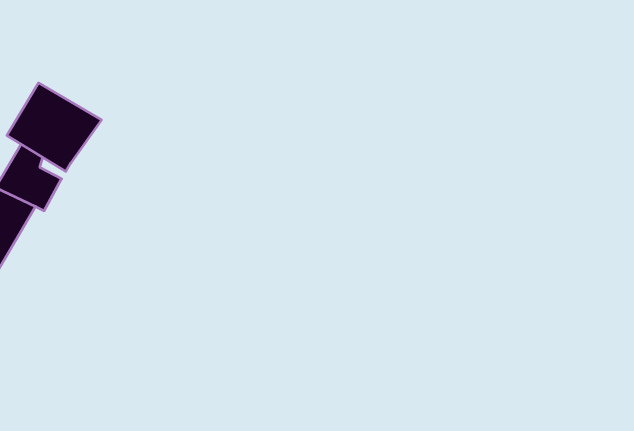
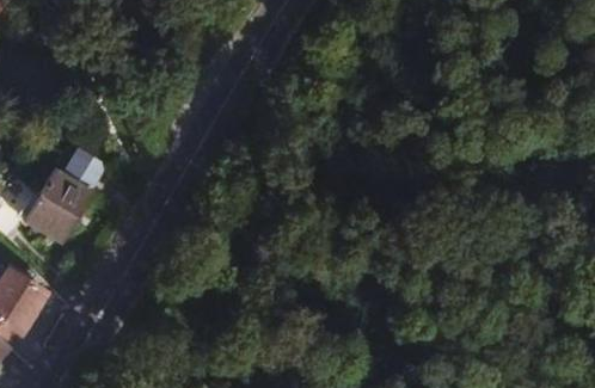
building: [7,83,101,171] -> none

